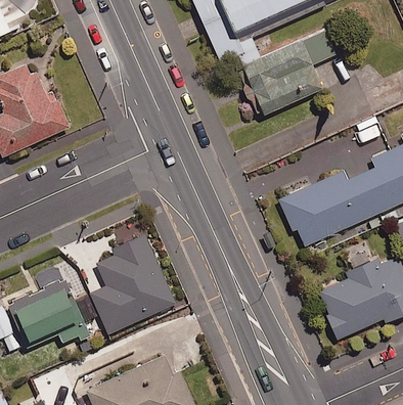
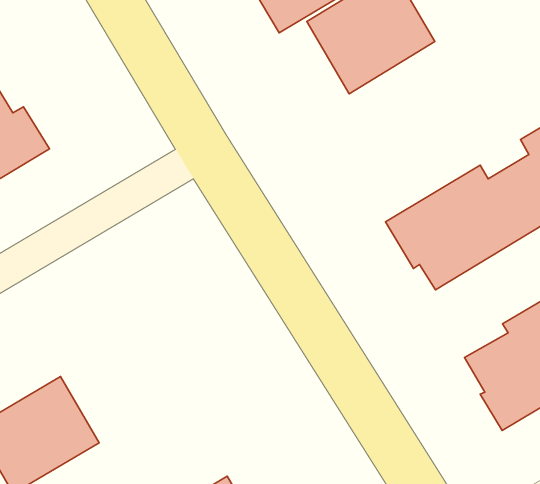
building: [85,229,171,329] -> none

